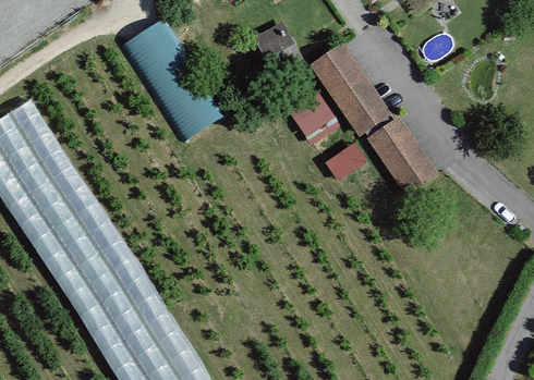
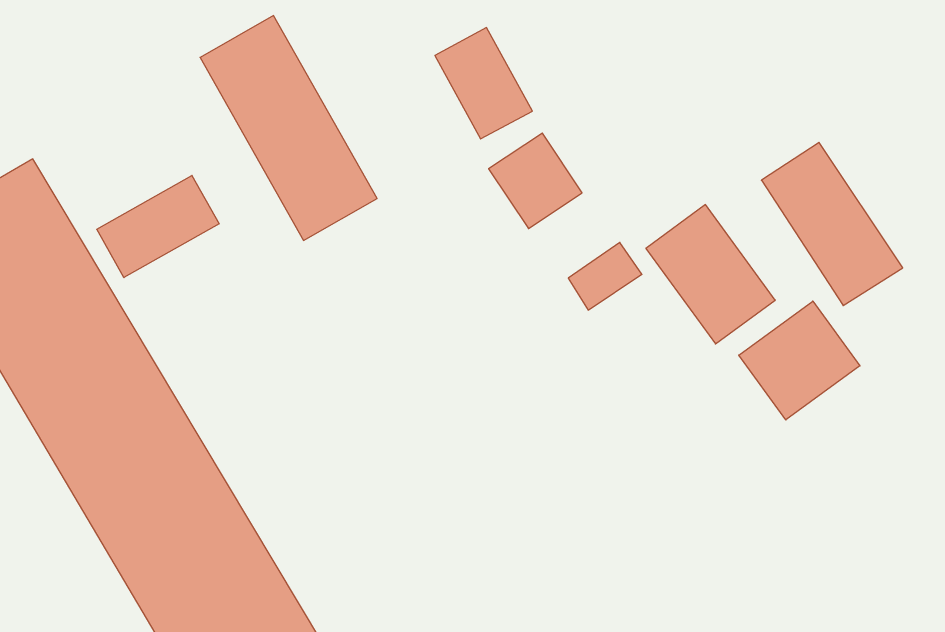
building: [316,49,393,138] -> [761,142,903,306]
building: none -> [97,175,219,278]
building: none -> [739,301,860,420]

